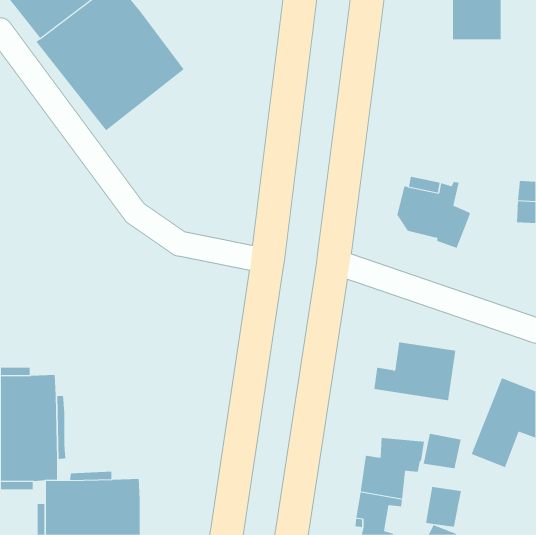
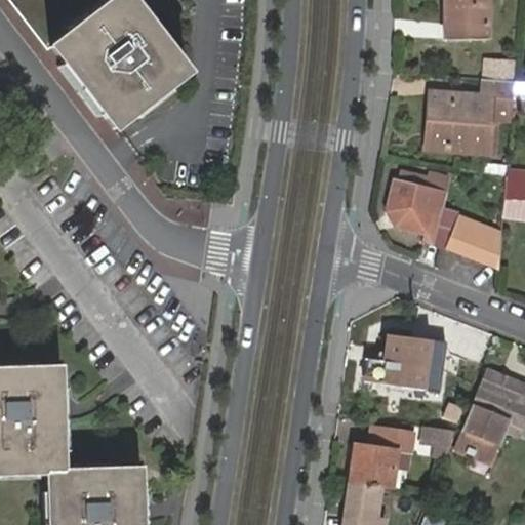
building: none -> [428,78,515,149]
building: none -> [447,211,503,265]
building: [425,486,461,528] -> none

